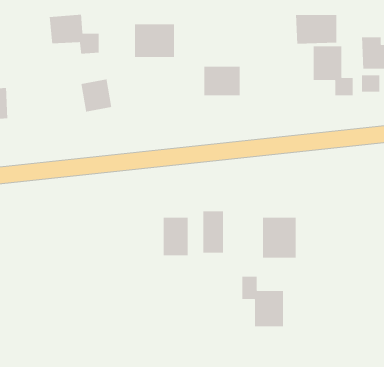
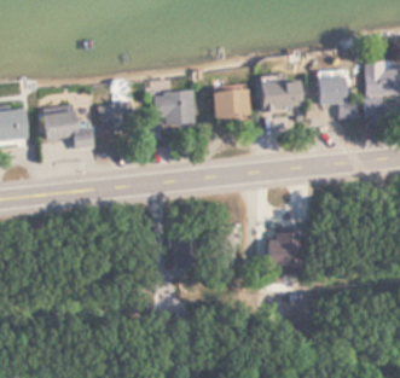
building: [49,14,100,54] -> [45,110,93,149]
building: [295,14,337,45] -> [261,81,301,110]
building: [134,24,175,58] -> [156,92,195,124]
building: [242,276,284,327] -> none

